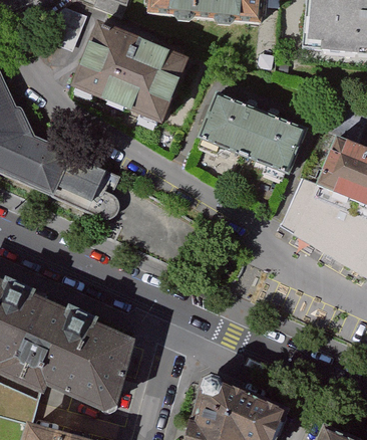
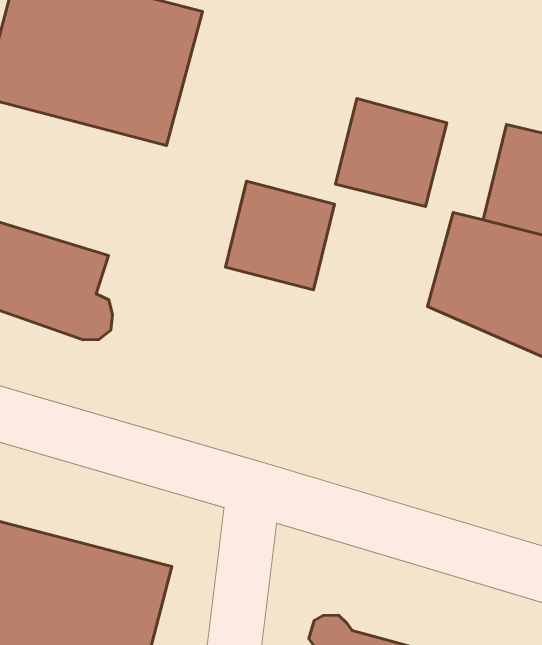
building: [201,92,262,154] -> [226,181,335,290]

